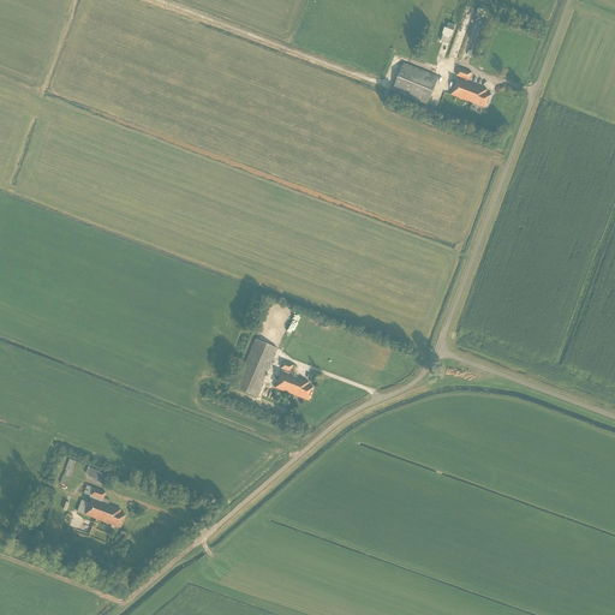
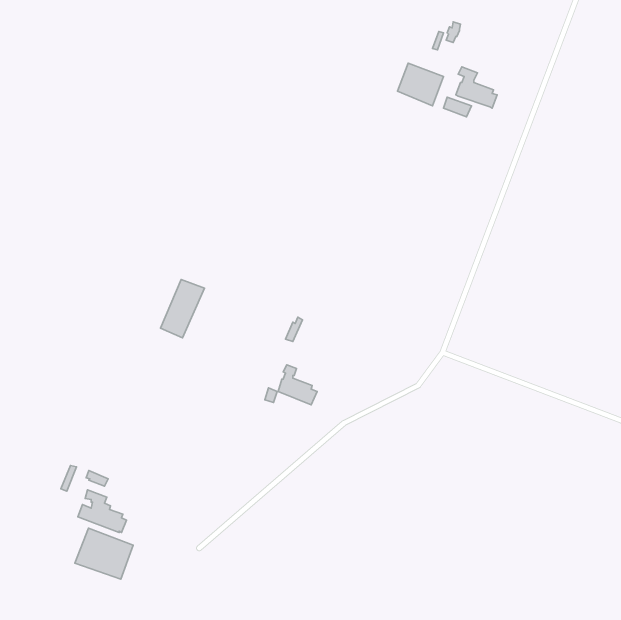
building: [234,339,277,396] -> [161,280,204,338]
building: none -> [75,528,133,579]

